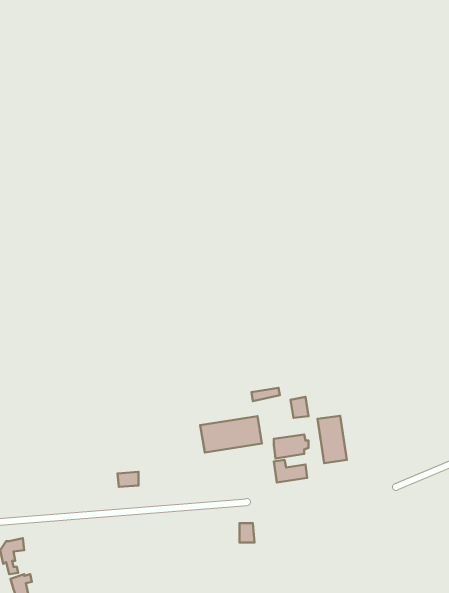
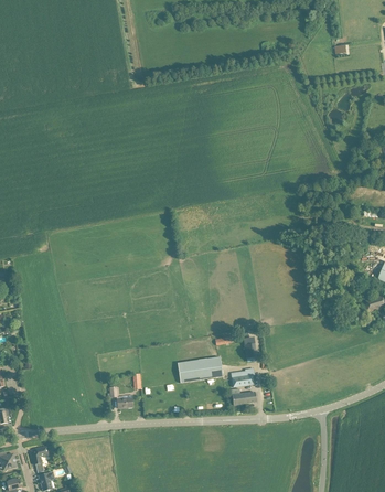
building: [317,416,347,463] -> none

